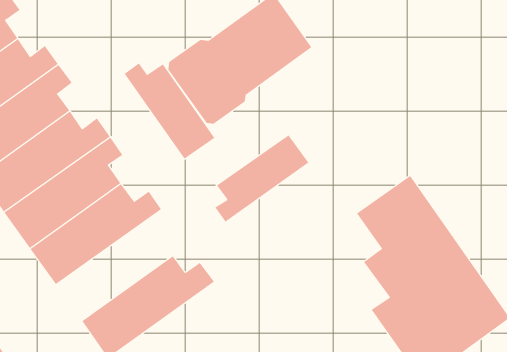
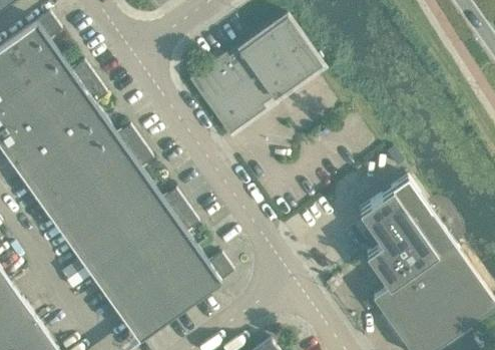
building: [124,63,215,160] -> none
building: [215,134,309,223] -> none
building: none -> [92,208,198,307]

